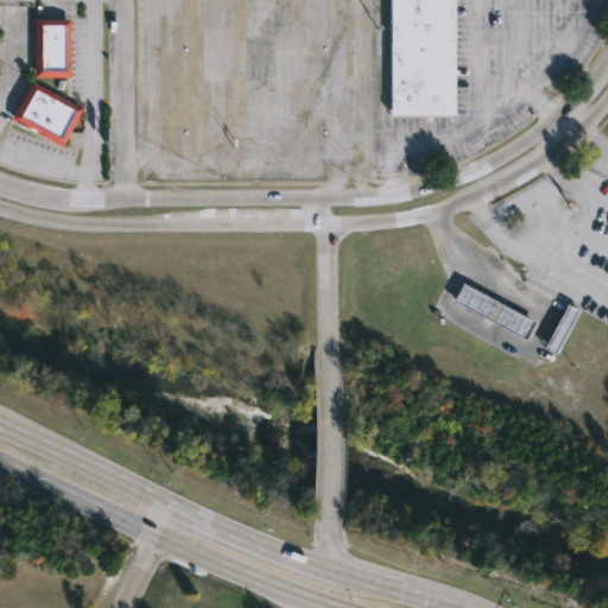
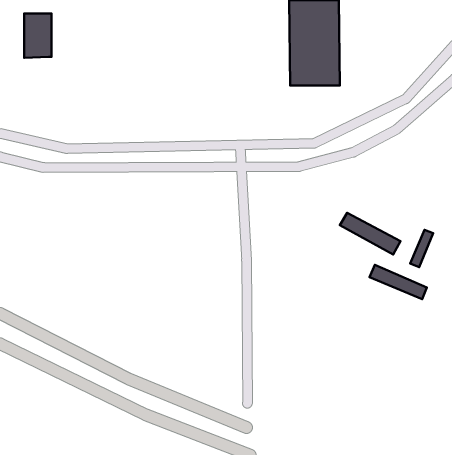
building: [12,81,83,147] -> none
building: none -> [370,265,427,299]

